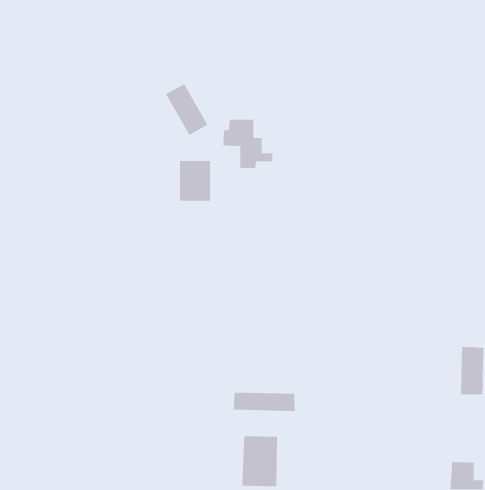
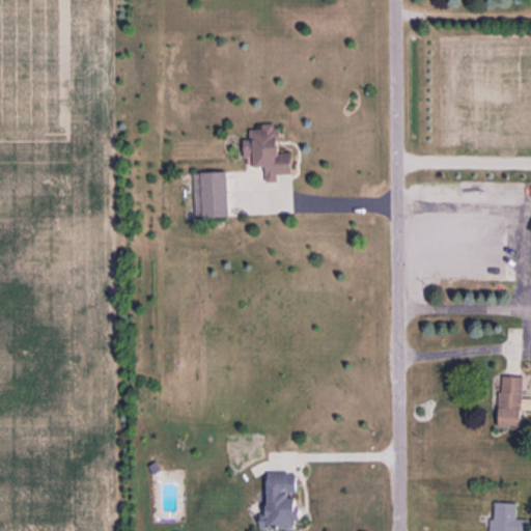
building: [165,83,208,136] -> none
building: [233,392,295,412] -> none

